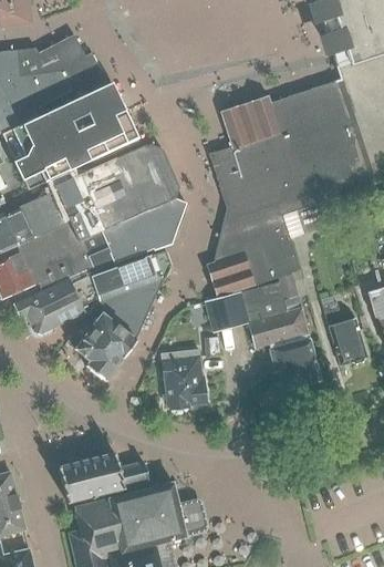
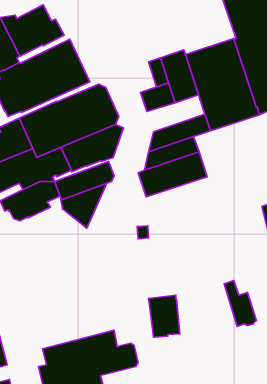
building: [217,156,297,207] -> none
building: [205,272,319,386] -> none
building: [322,300,366,363] -> [224,281,256,326]
building: [66,313,134,380] -> none
building: [160,349,204,406] -> [149,295,180,337]
building: [58,452,147,501] -> none

